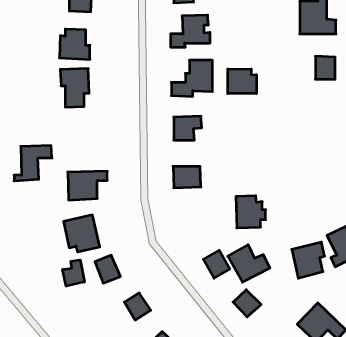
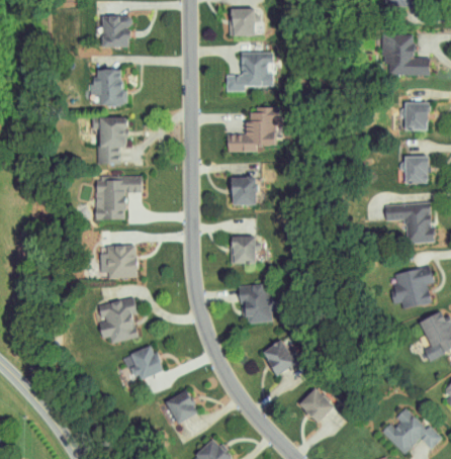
building: [228,69,256,94] -> none
building: none -> [403,156,428,184]
building: none -> [384,203,433,244]
building: [14,146,52,181] -> [95,178,142,221]
building: [236,196,266,228] -> [241,284,277,324]
building: [292,242,325,278] -> [392,266,433,310]
building: [228,245,270,282] -> none
building: [63,260,84,286] -> none

